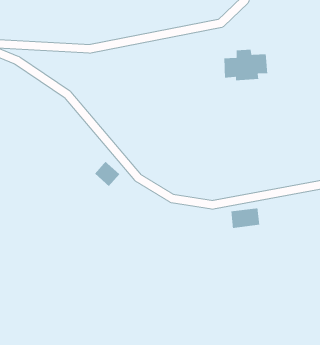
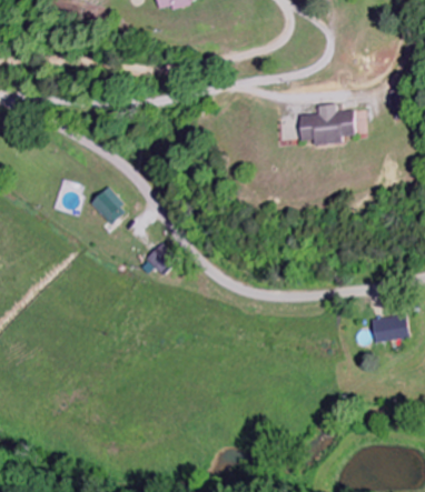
building: none -> [87,187,121,222]
building: [231,207,260,229] -> [368,315,405,342]

